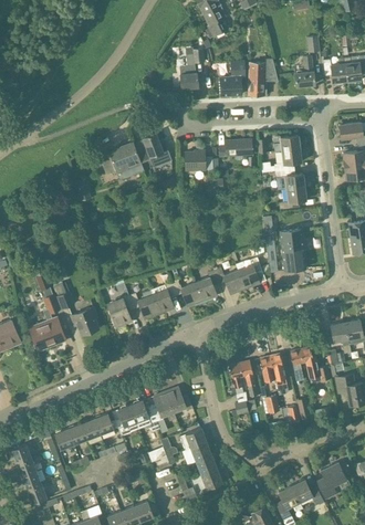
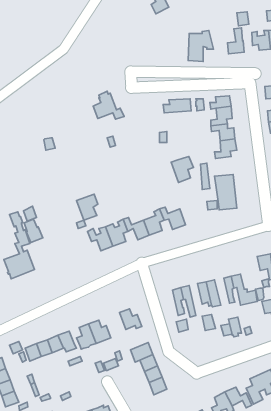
building: [178,49,205,88] -> none
building: [219,60,246,95] -> none
building: [100,144,140,174] -> none
building: [185,150,212,170] -> none
building: [236,258,262,288] -> [171,156,193,183]
building: [107,296,133,327] -> [76,194,98,220]
building: [71,307,98,336] -> none
building: [150,392,176,422] -> none

